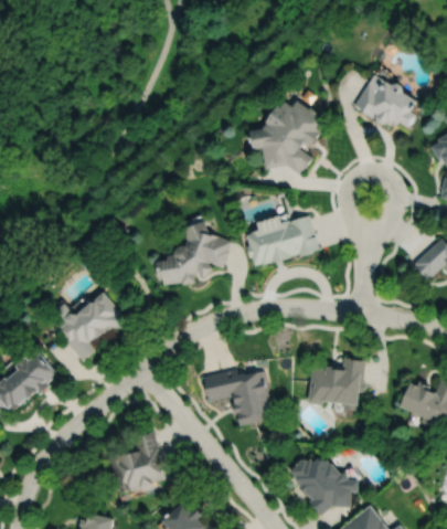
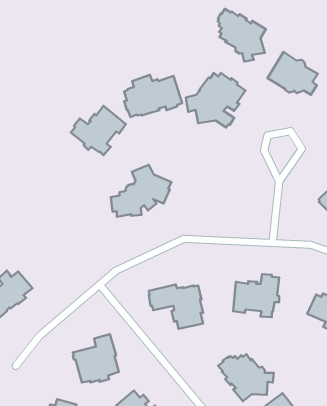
building: none -> [218,9,266,62]
building: none -> [71,106,126,155]
building: [246,213,319,266] -> [124,75,182,117]
building: [53,292,121,361] -> none

